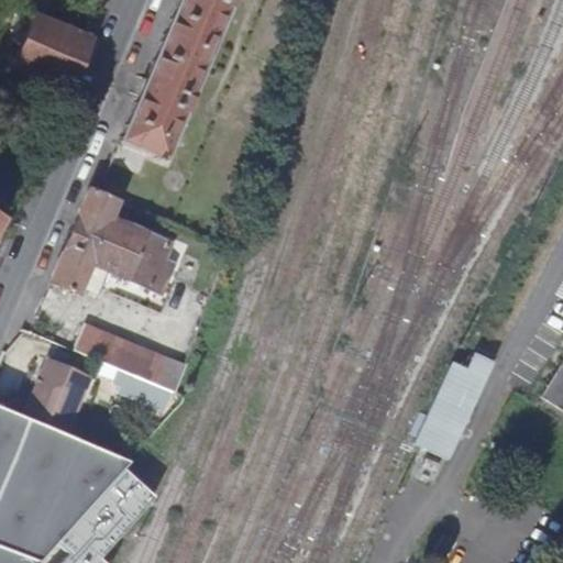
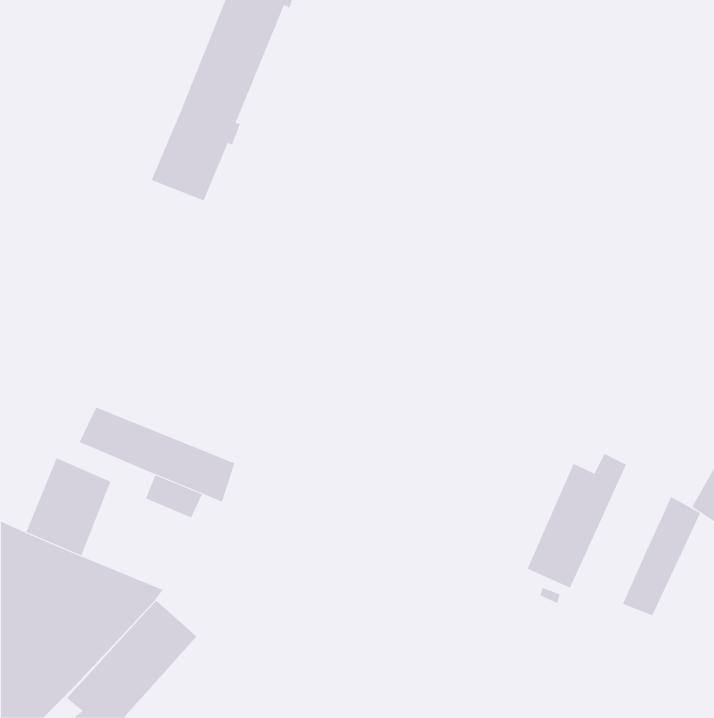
building: [14,14,92,88] -> none
building: [52,188,172,295] -> none
building: none -> [622,496,701,616]

